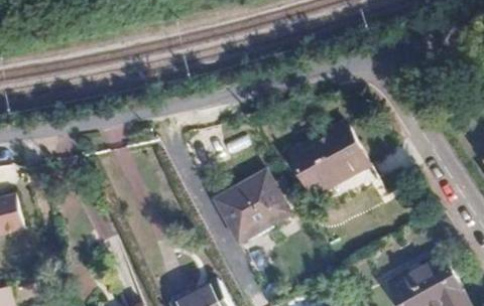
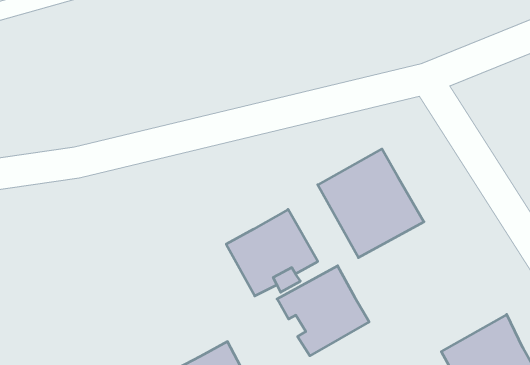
building: none -> [277,266,369,356]

